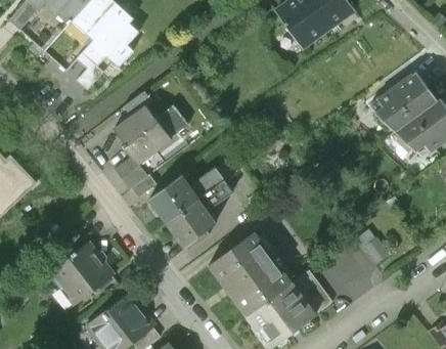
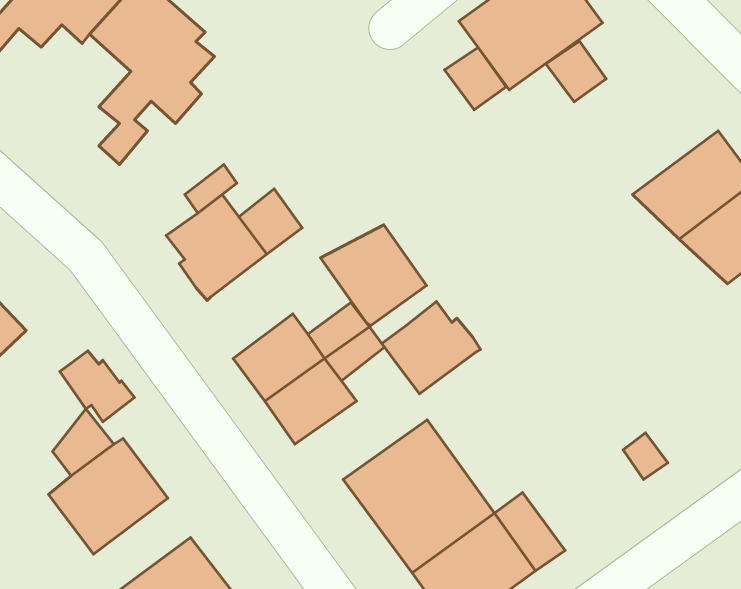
building: none -> [546,41,606,102]
building: none -> [445,48,506,110]
building: none -> [320,225,426,326]
building: [115,159,155,198] -> [60,351,134,422]
building: none -> [382,302,480,394]

